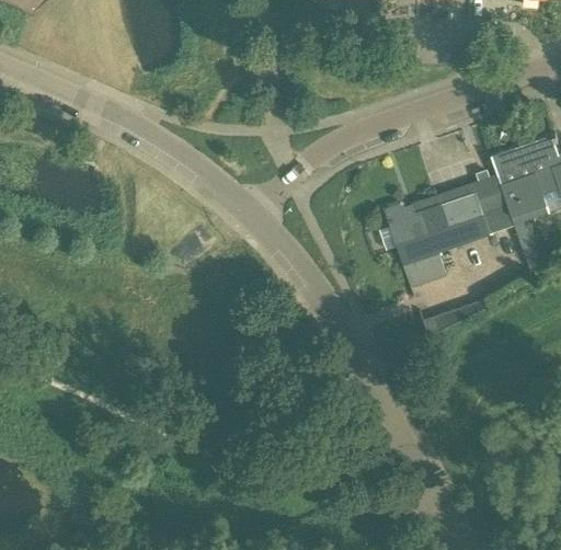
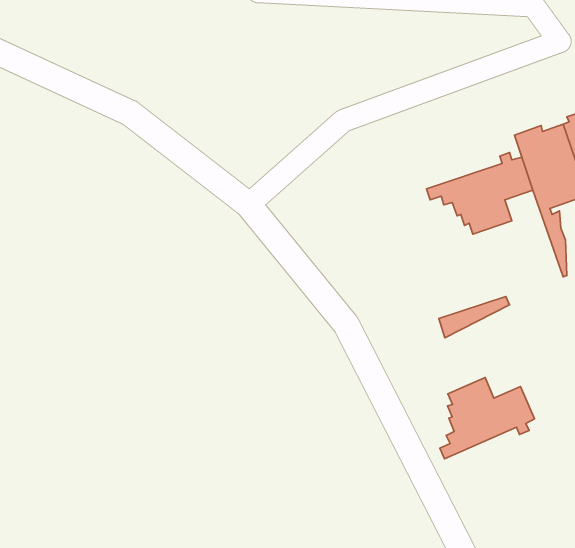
building: [385,204,453,283] -> none
building: none -> [440,378,535,459]

